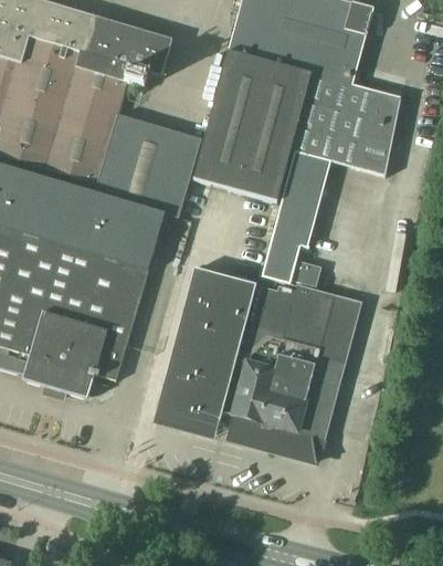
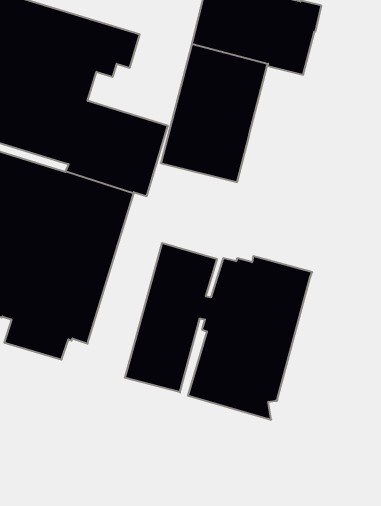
building: [260,73,399,286] -> none

